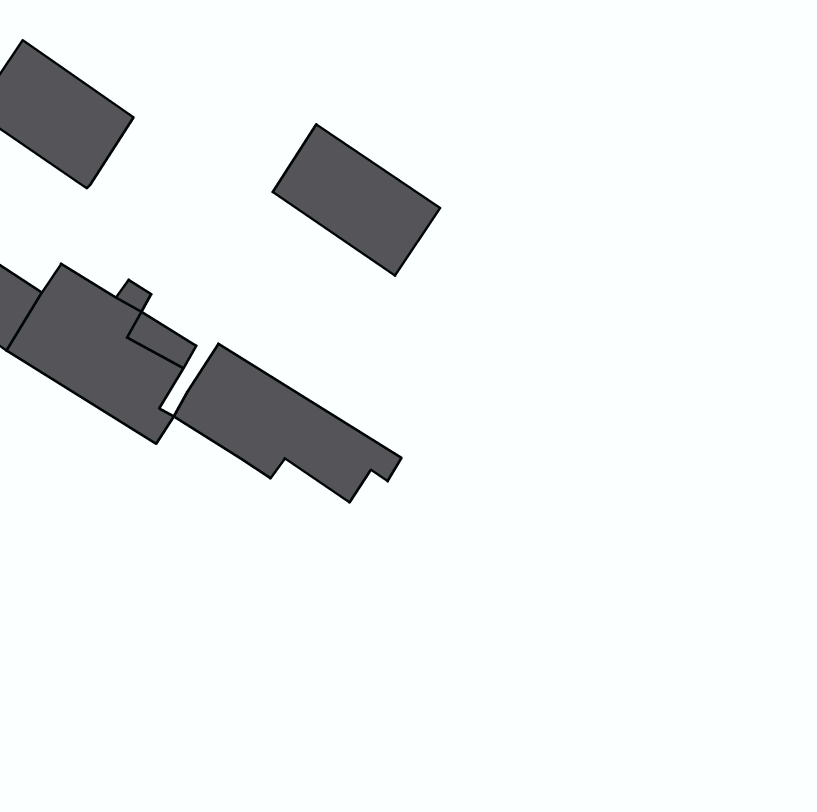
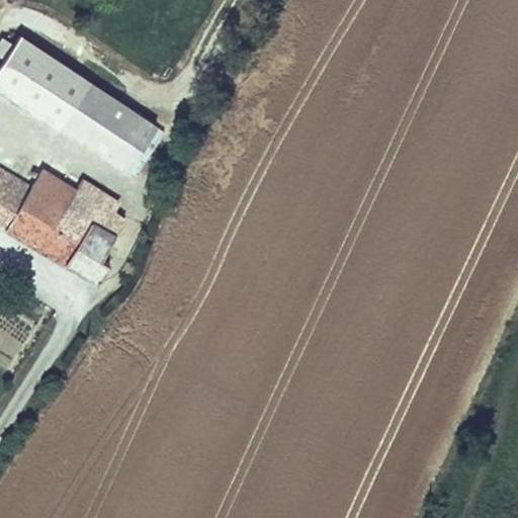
building: [273,124,440,276] -> [57,80,162,175]
building: [174,344,401,502] -> none

